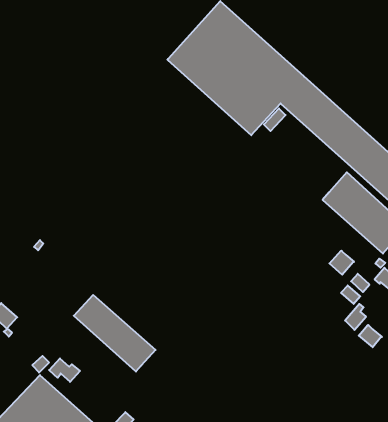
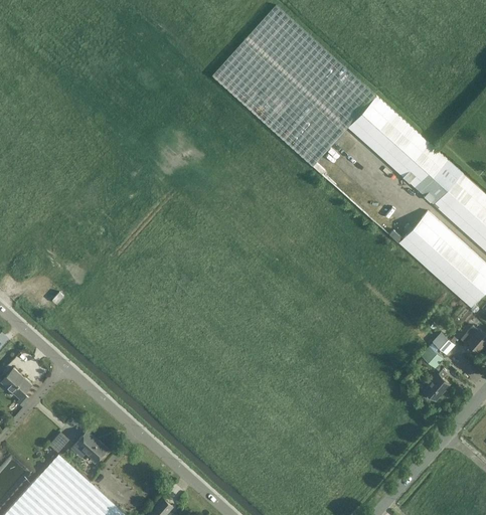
building: [329,251,354,275] -> none
building: [74,295,156,372] -> none
building: [359,325,382,347] -> none

